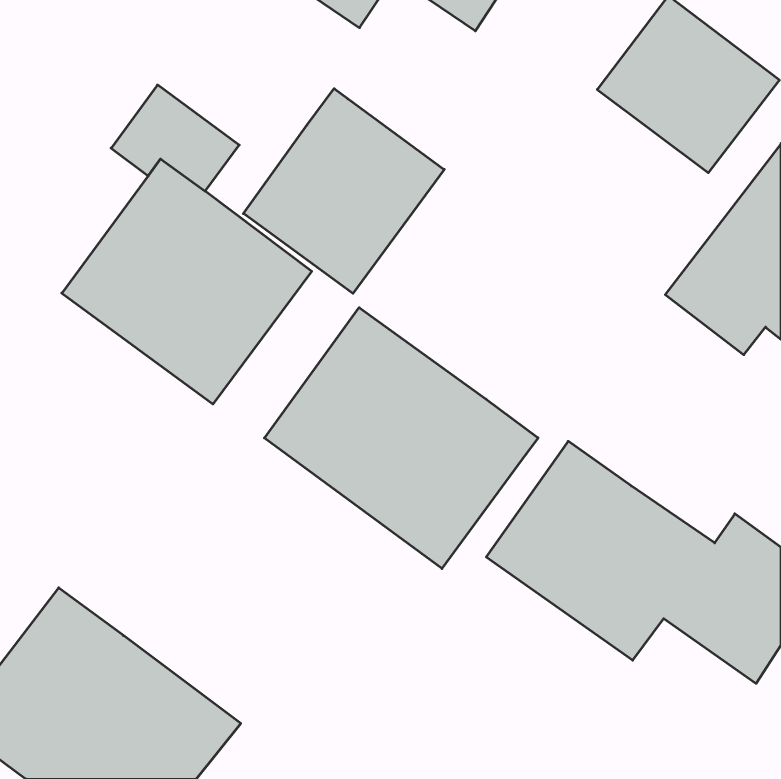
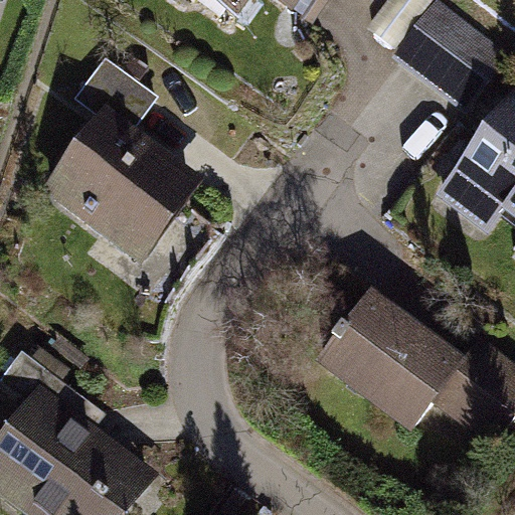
building: [243,89,444,293] -> none
building: [264,308,538,569] -> none

